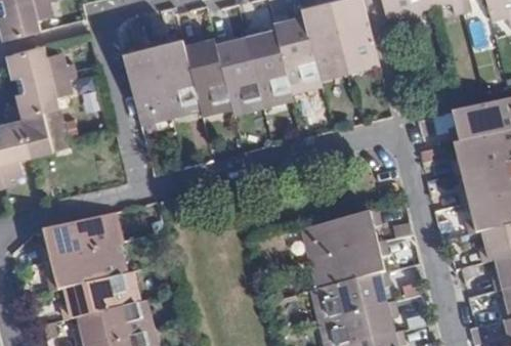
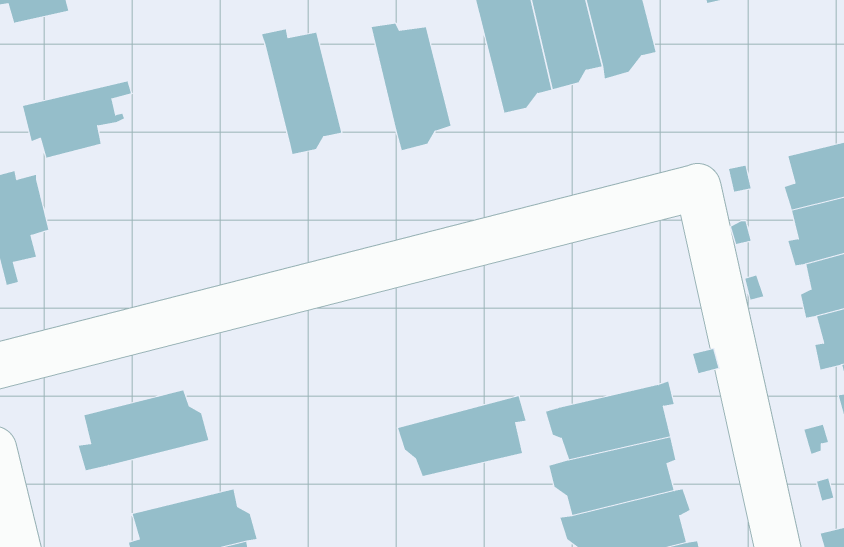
building: [244,29,290,101] -> none
building: [183,39,228,111] -> none
building: [10,43,76,84] -> none
building: [121,47,168,119] -> none
building: [24,105,70,155] -> none
building: [306,210,380,256] -> [397,396,526,477]
building: [40,215,115,262] -> none
building: [61,274,136,319] -> none

